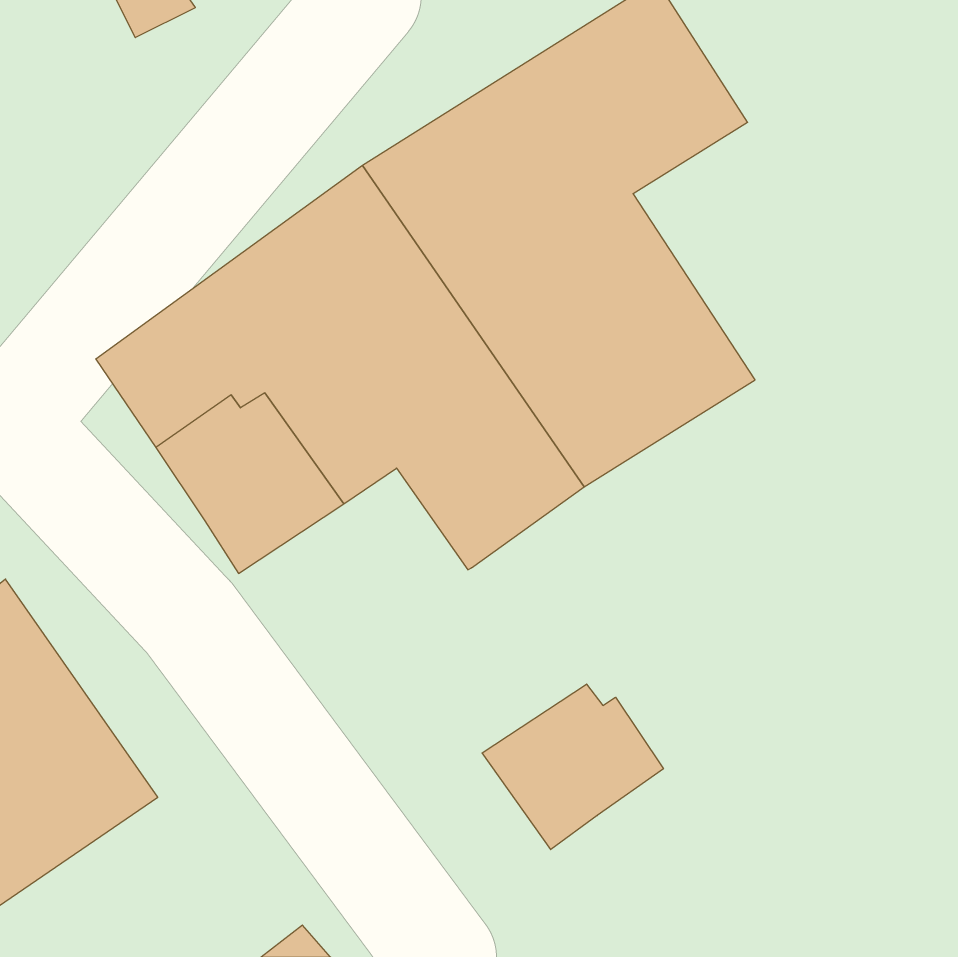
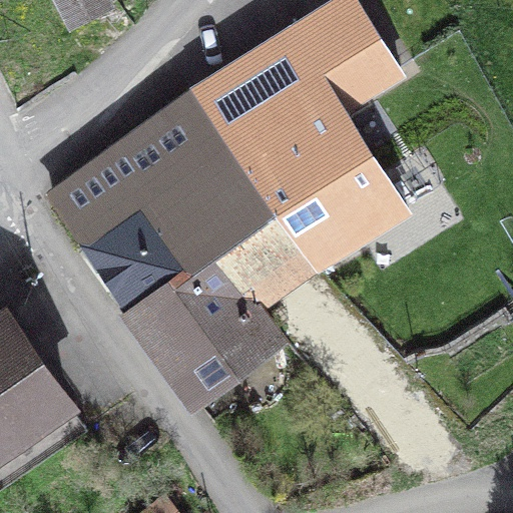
building: none -> [127,249,275,396]
building: [482,684,663,850] -> none

